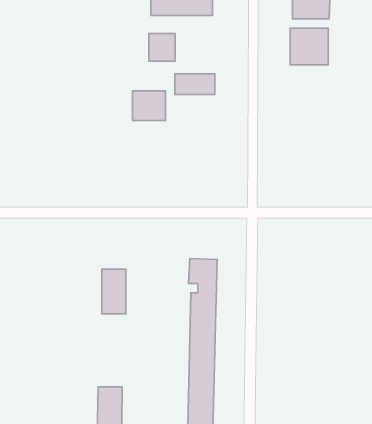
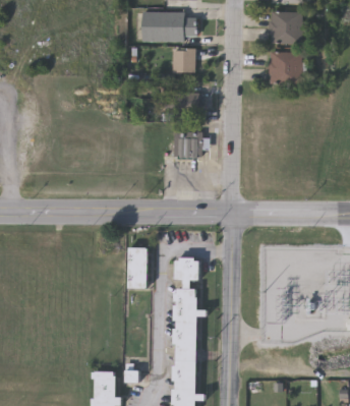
building: [149,34,175,61] -> [171,49,194,73]
building: [132,91,166,120] -> [172,132,201,159]
building: [102,269,126,314] -> [127,247,149,287]

